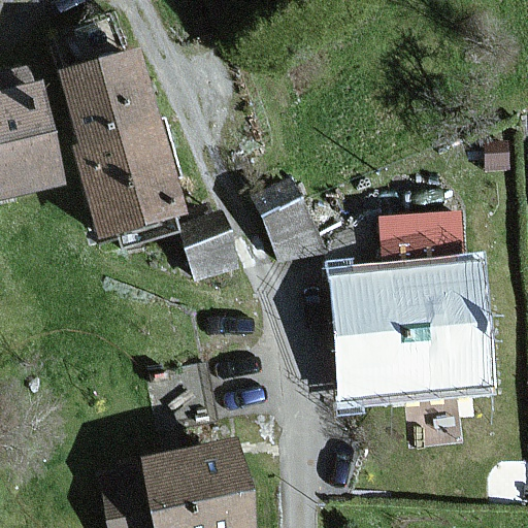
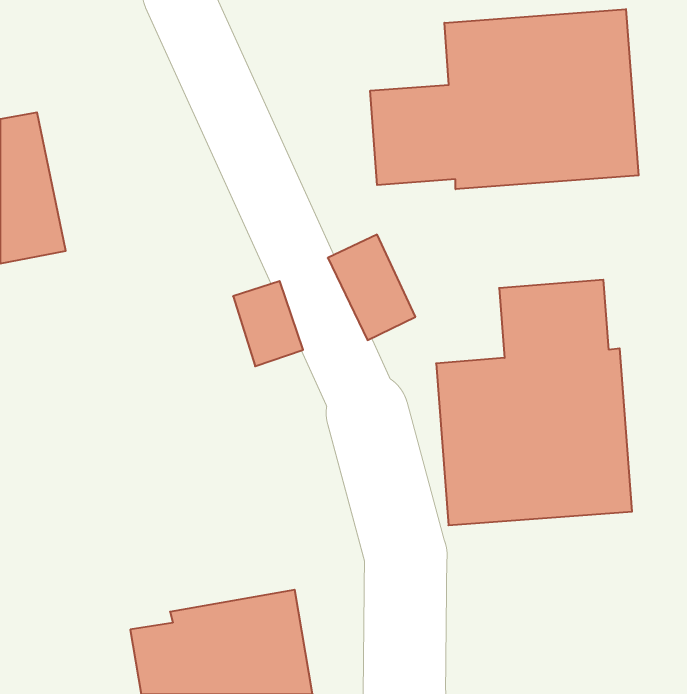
building: none -> [370,9,639,189]
building: [60,53,178,231] -> none

